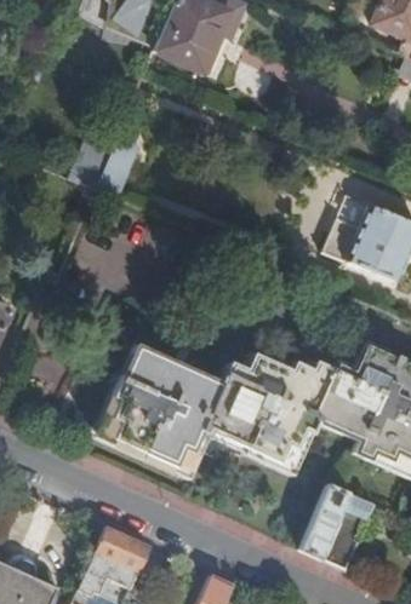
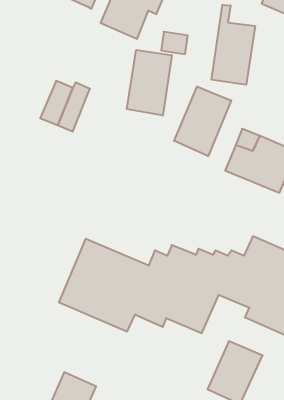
building: none -> [212,5,255,85]
building: none -> [127,50,172,116]
building: none -> [174,86,231,156]

